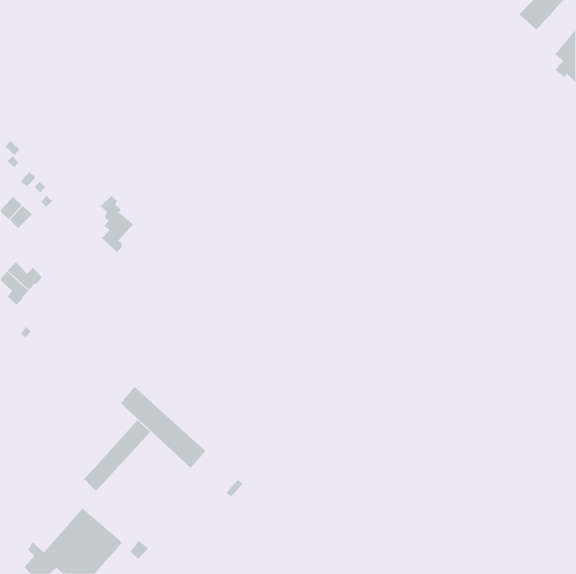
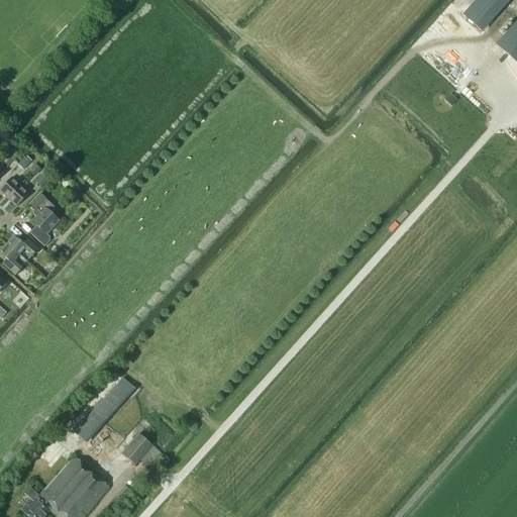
building: [100,195,134,253] -> [29,193,60,244]
building: [120,386,206,468] -> none
building: none -> [122,432,163,468]

